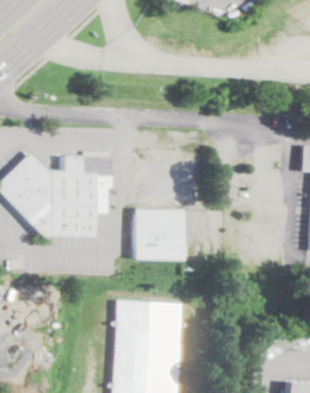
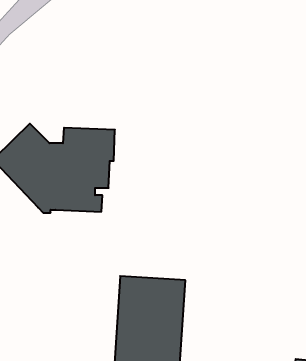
building: [133,209,191,260] -> none

